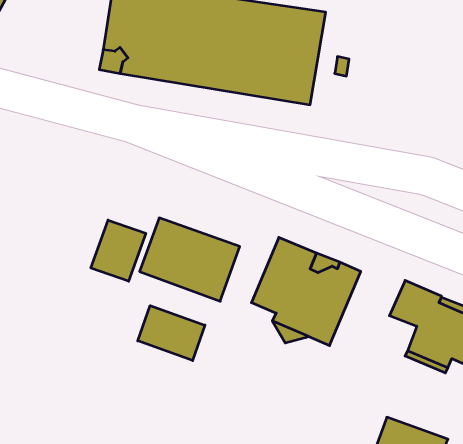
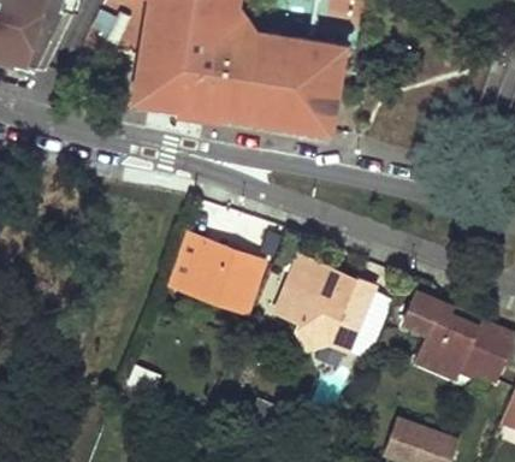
building: [91,220,146,281] -> none
building: [138,306,205,361] -> none

